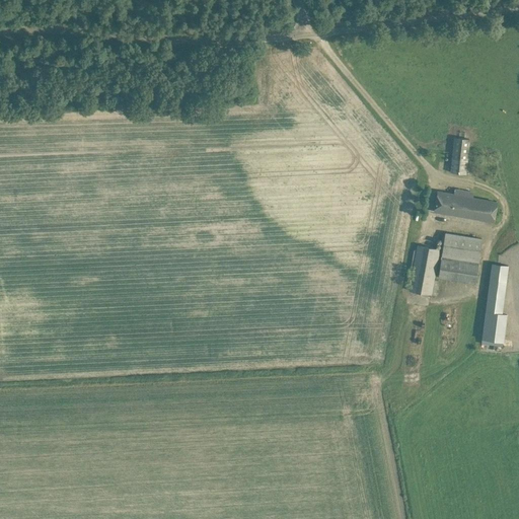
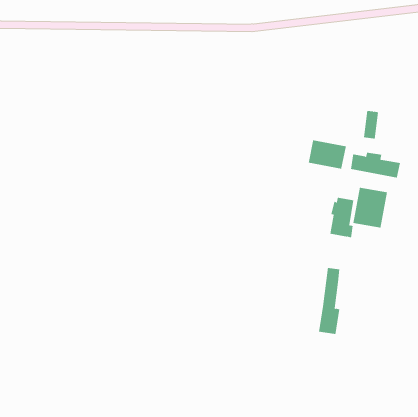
building: none -> [308,139,346,169]
building: [480,264,508,347] -> [318,267,340,334]

